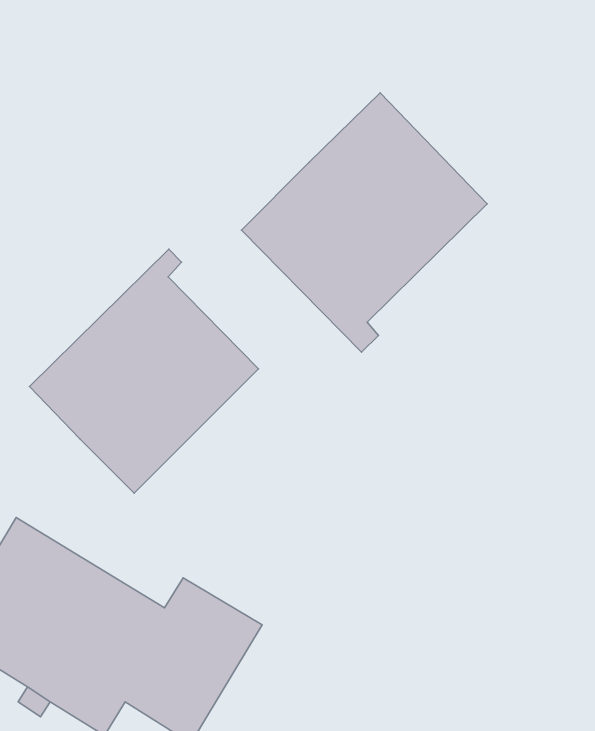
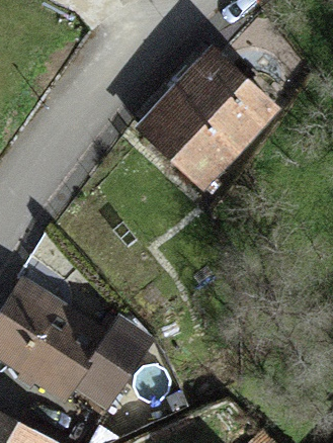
building: [29,249,259,493] -> none

